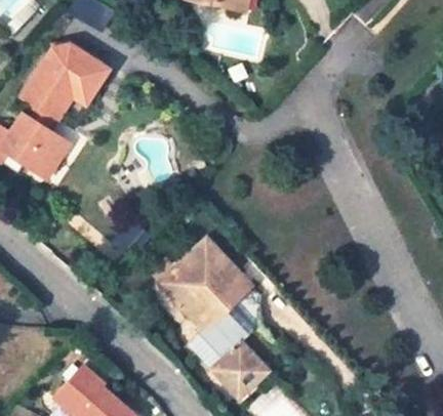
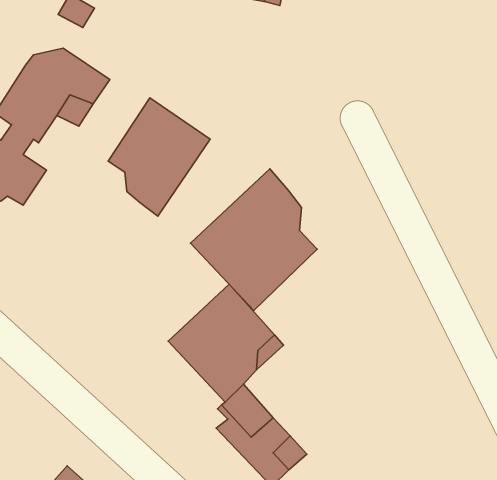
building: none -> [108,98,210,216]
building: none -> [191,169,317,310]

